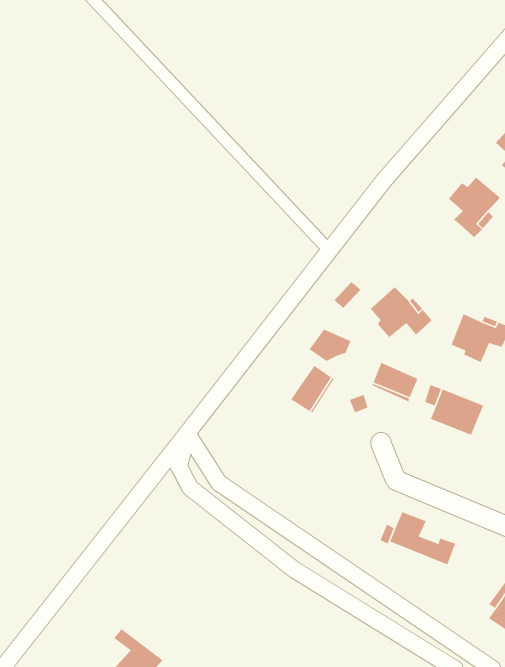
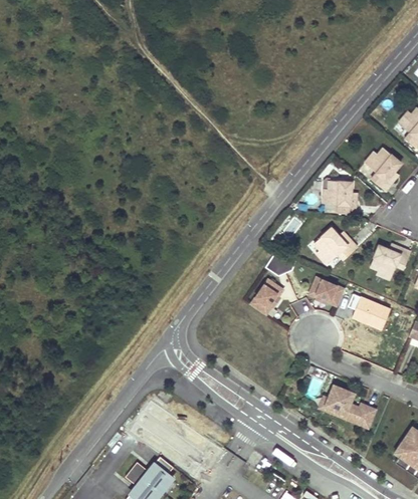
building: none -> [321,178,354,213]
building: none -> [131,457,173,493]

